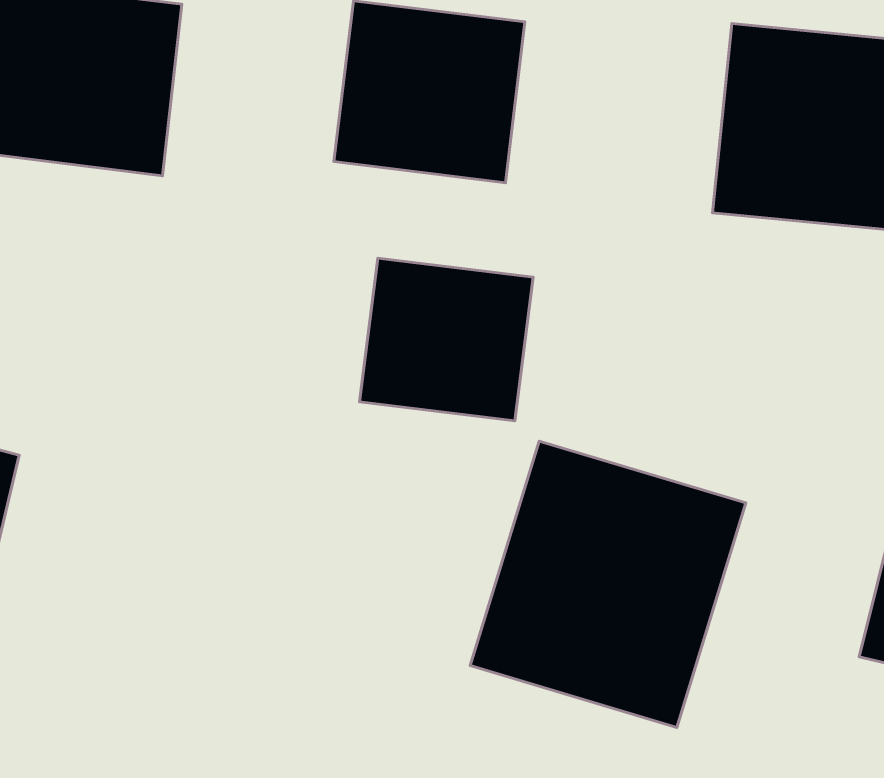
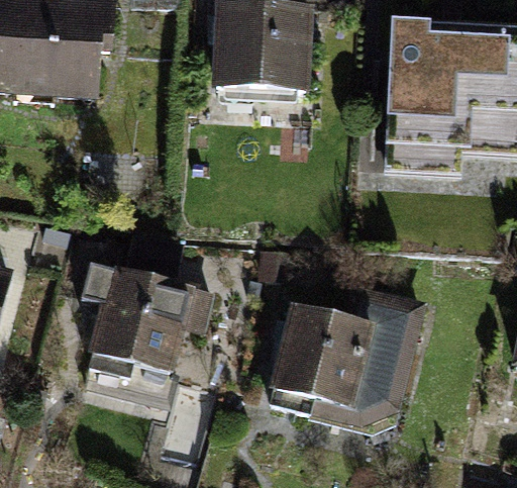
building: [360,258,533,421] -> none
building: none -> [65,259,217,405]

